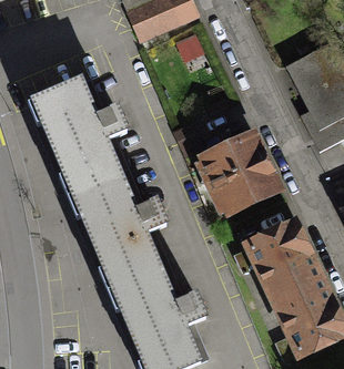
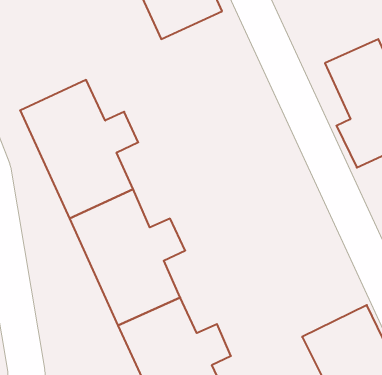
building: [192,129,283,217] -> none
building: [229,215,323,300] -> none

